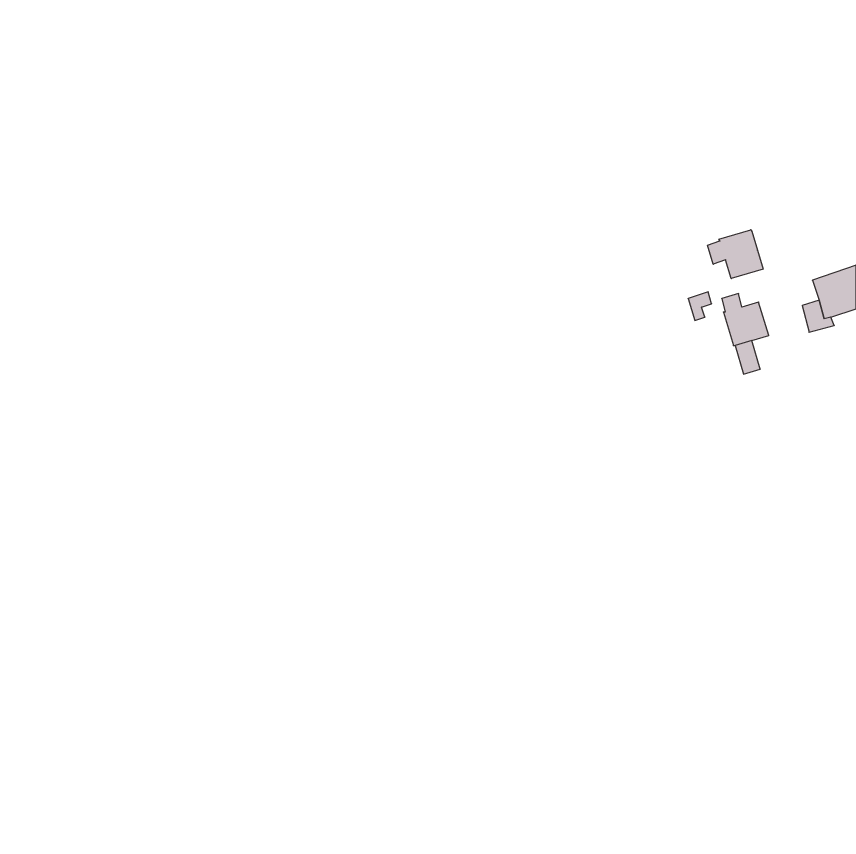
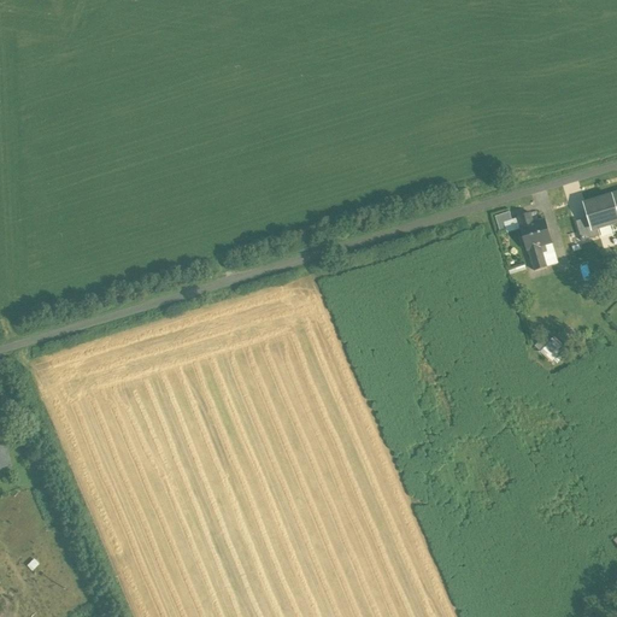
building: [708,230,763,279] -> none

